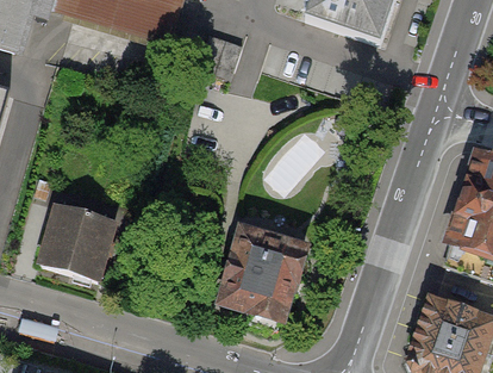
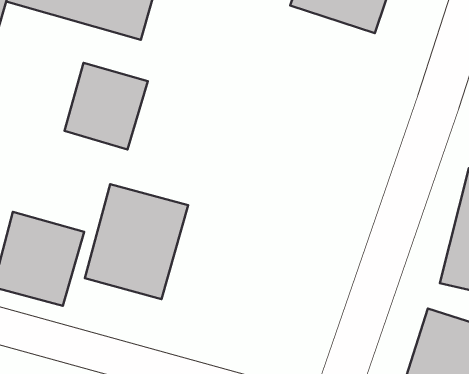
building: none -> [65,63,148,149]
building: [216,228,308,331] -> [85,184,188,299]

